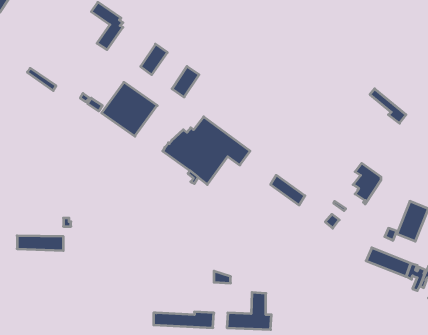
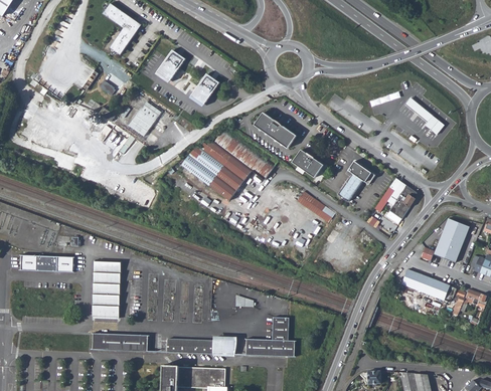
building: none -> [253,112,295,147]
building: none -> [291,149,322,177]
building: none -> [337,160,373,200]
building: none -> [92,261,120,317]
building: none -> [95,334,149,351]

